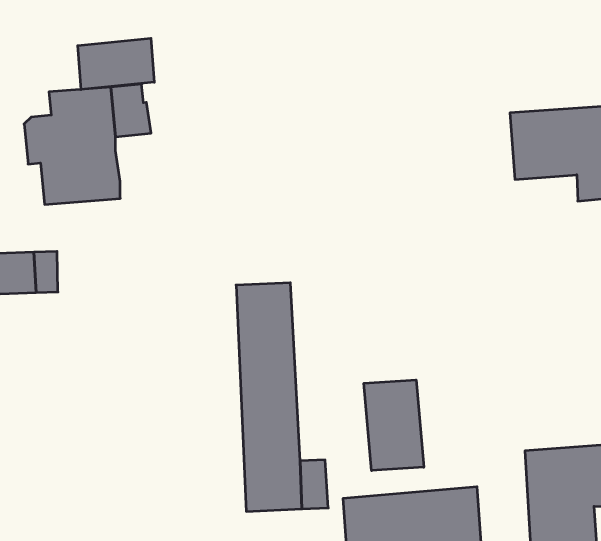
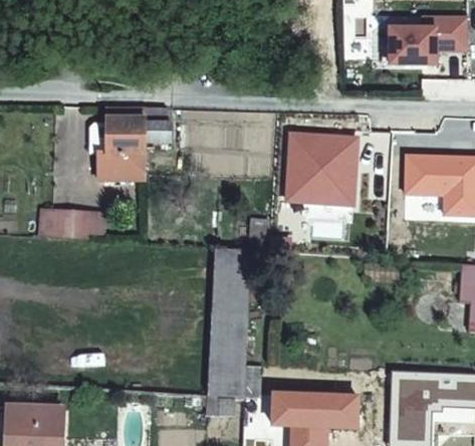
building: [78,38,154,90] -> none
building: none -> [286,133,359,203]
building: [364,380,424,471] -> none

